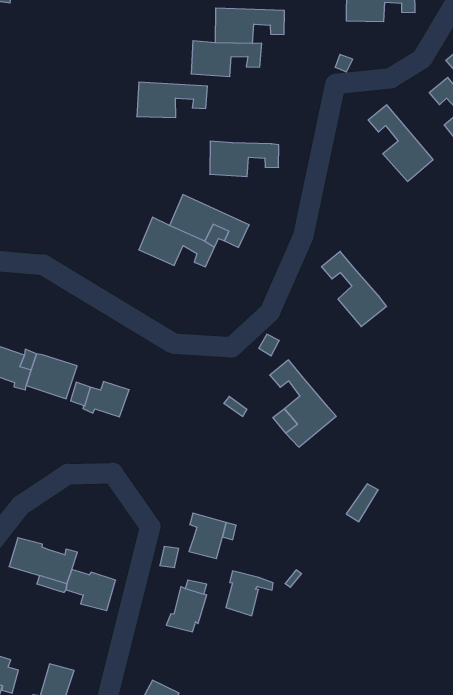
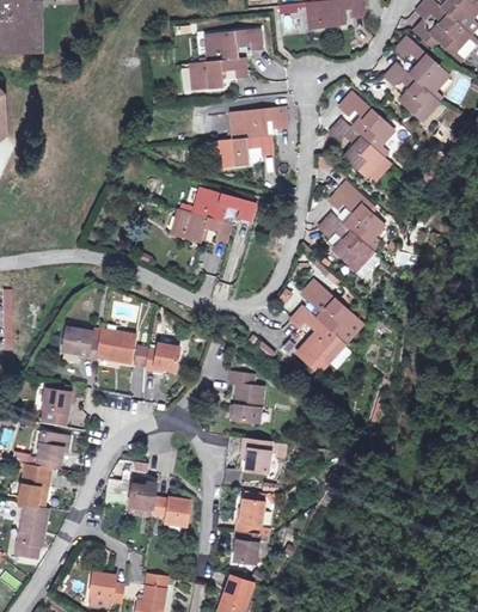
building: [137,82,207,118] -> [231,106,287,139]
building: none -> [327,118,391,179]
building: none -> [329,185,385,244]
building: none -> [301,280,357,338]
building: none -> [229,369,263,422]
building: [226,571,273,616] -> [234,530,269,563]

